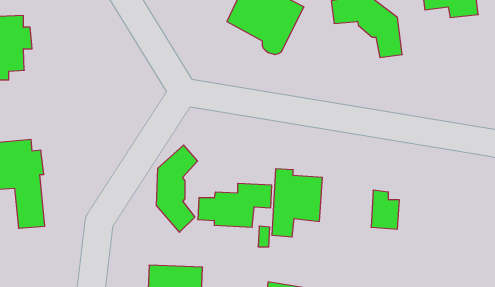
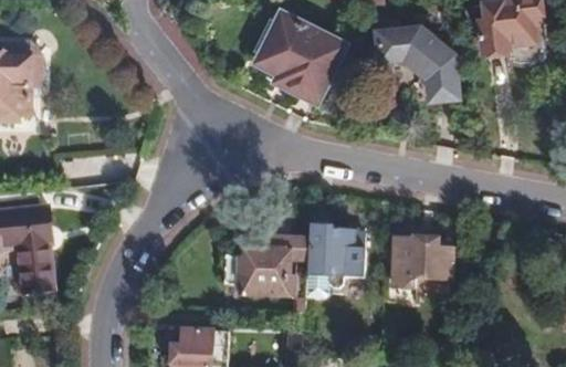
building: [157,145,198,232] -> none
building: none -> [392,245,423,297]

